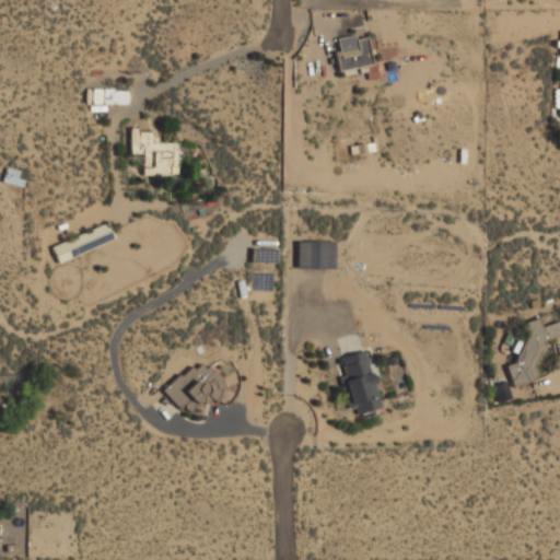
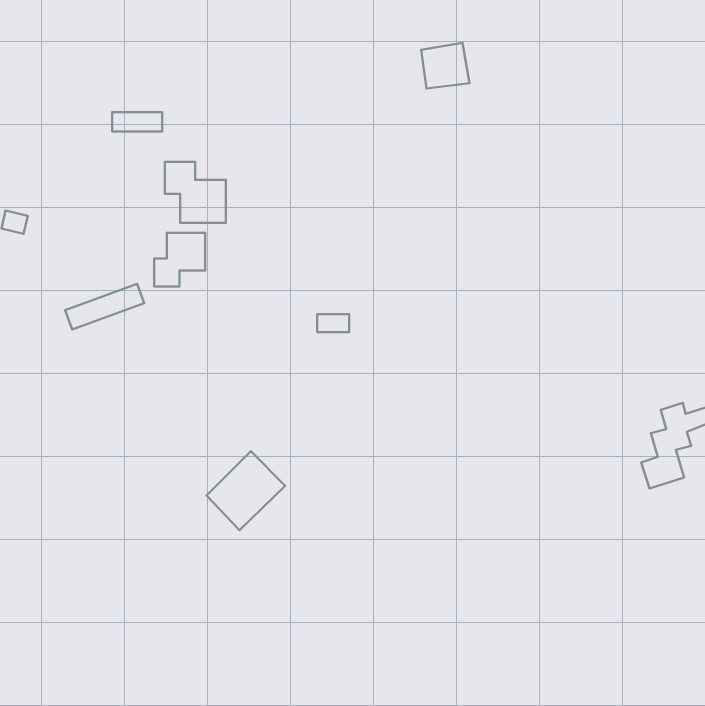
building: none -> [154,233,205,286]
building: [298,241,336,269] -> none
building: [341,350,383,418] -> none

